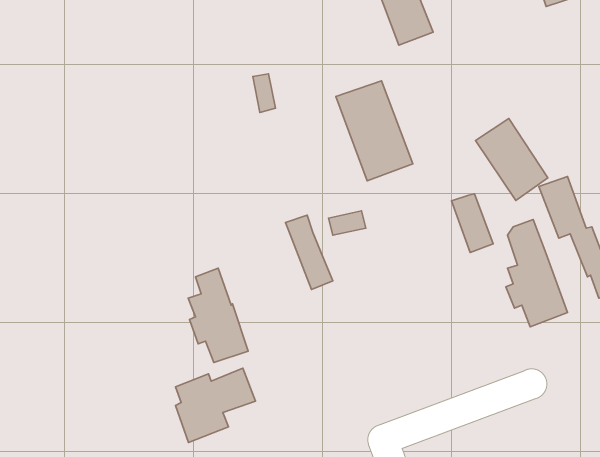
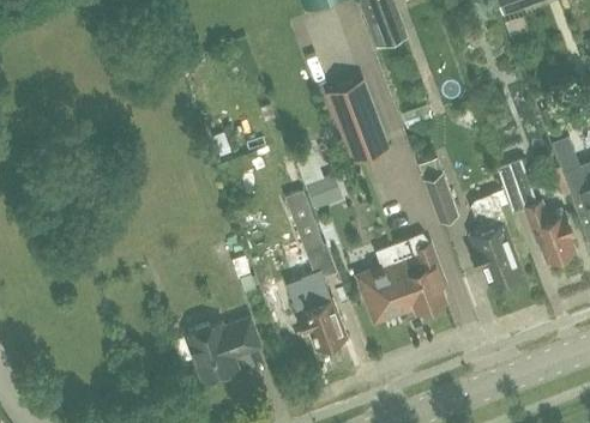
building: [476,118,548,200] -> none
building: [188,268,248,362] -> [295,271,345,350]
building: none -> [355,238,445,321]

